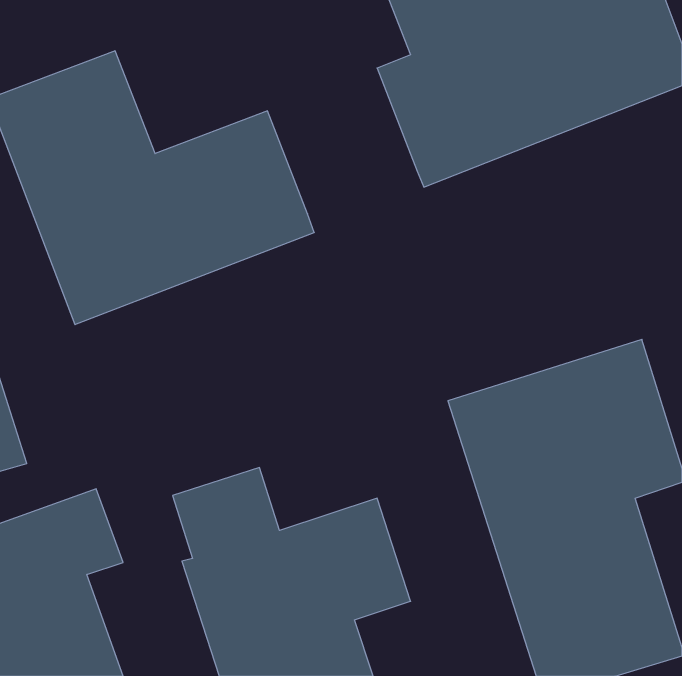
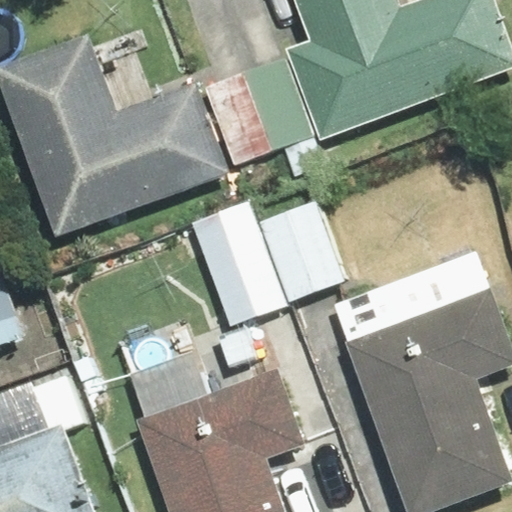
building: none -> [200,51,312,160]
building: none -> [189,181,349,383]

